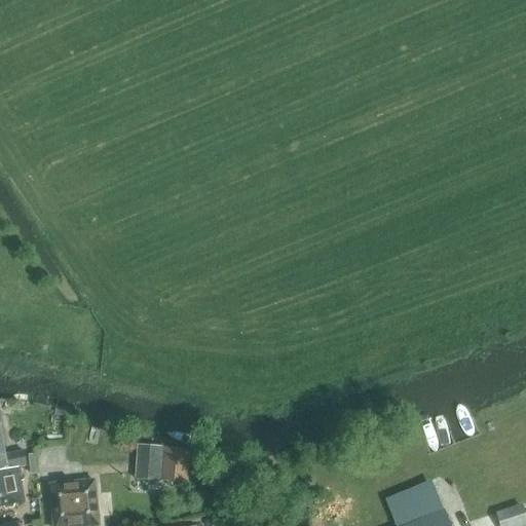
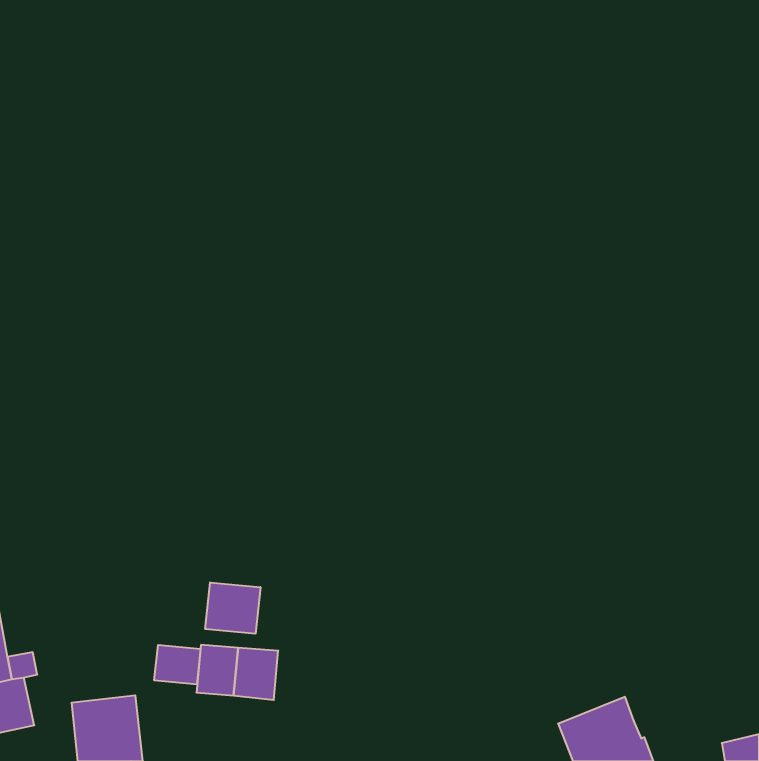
building: none -> [205,582,260,634]
building: none -> [154,645,201,684]

